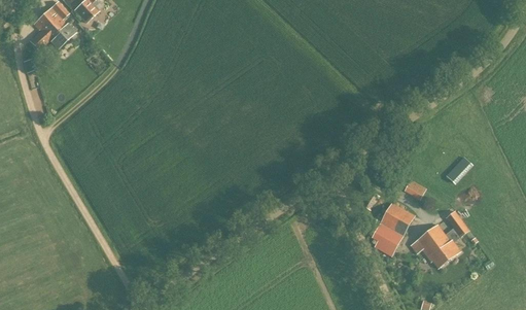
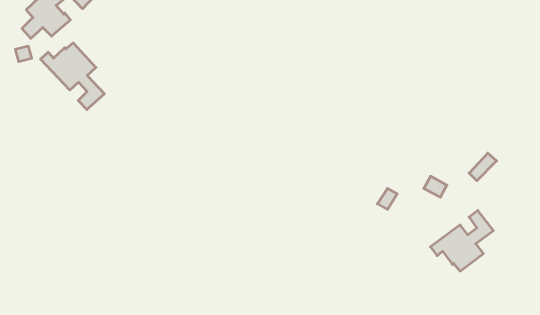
building: none -> [41,43,104,110]
building: [371,203,414,256] -> none

